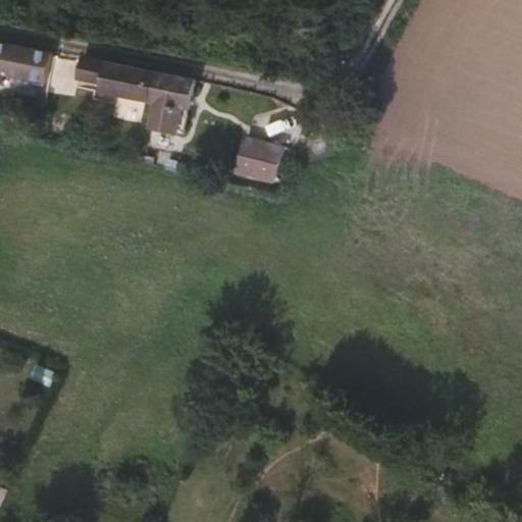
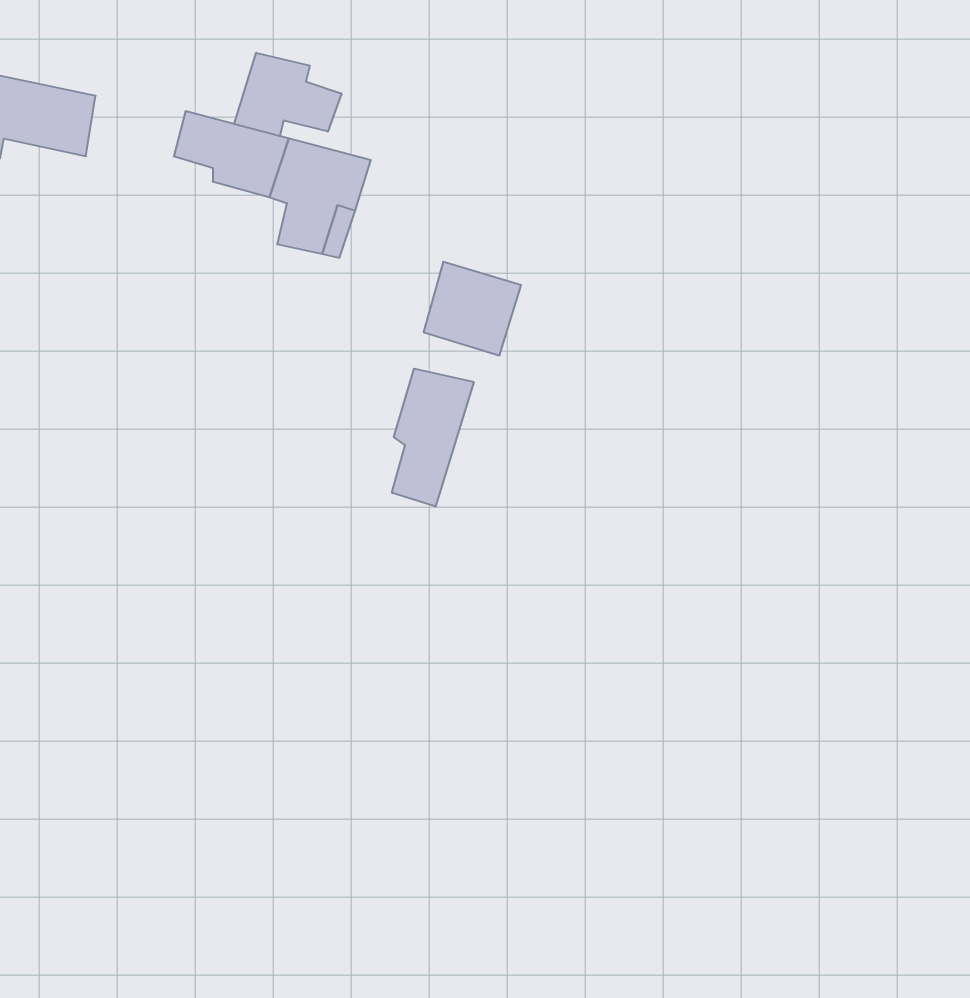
building: none -> [234,53,341,136]
building: none -> [392,369,474,507]

